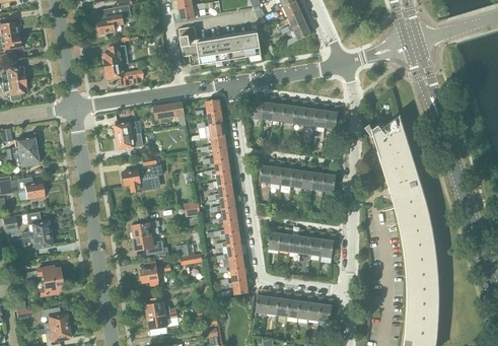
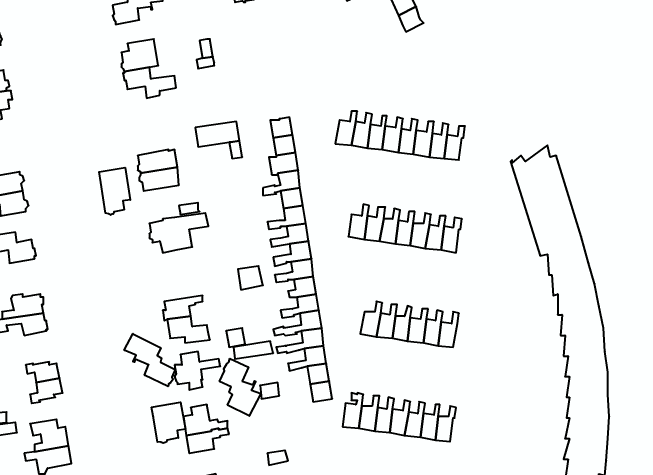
building: [179,25,261,66] -> none
building: none -> [99,168,130,215]
building: none -> [124,334,175,386]
building: none -> [220,359,261,416]
building: none -> [152,402,185,443]

